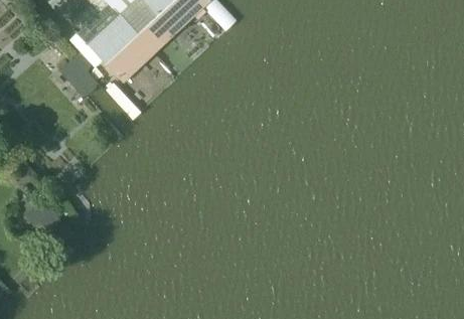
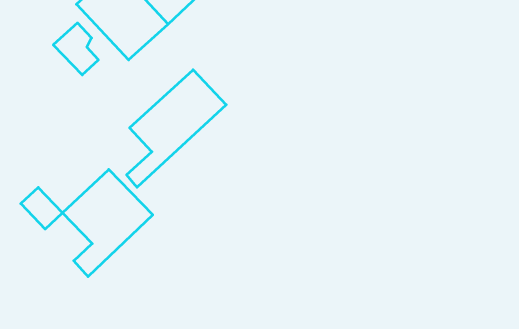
building: none -> [127,70,226,187]
building: none -> [63,169,153,277]

